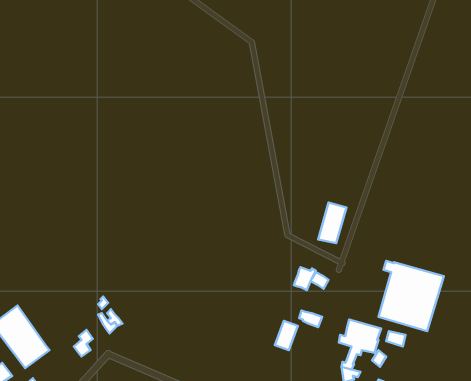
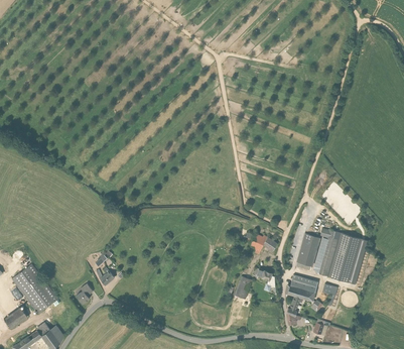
building: [318,202,346,243] -> [298,233,320,265]

